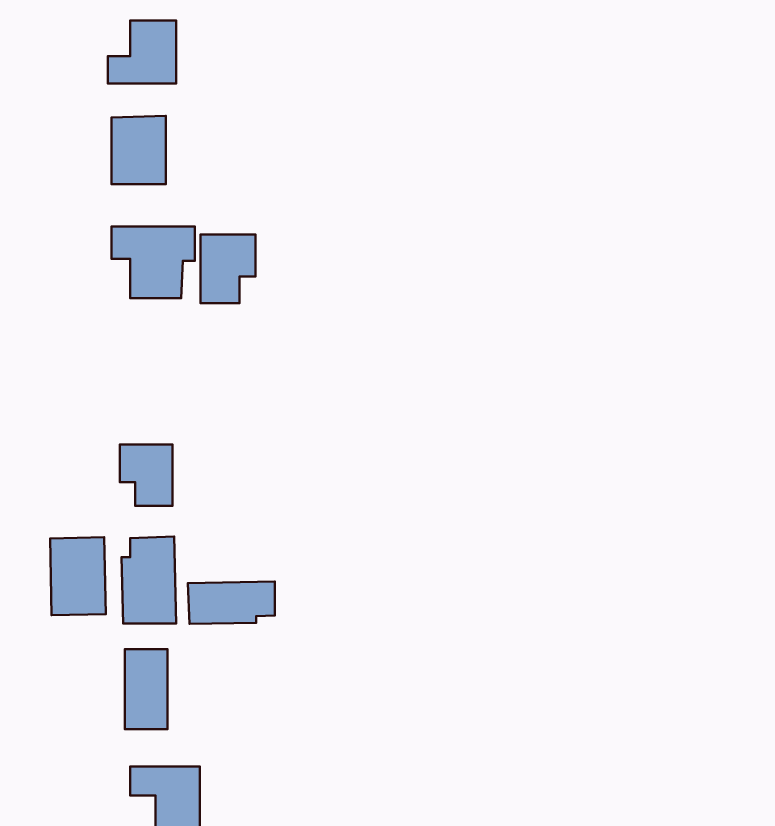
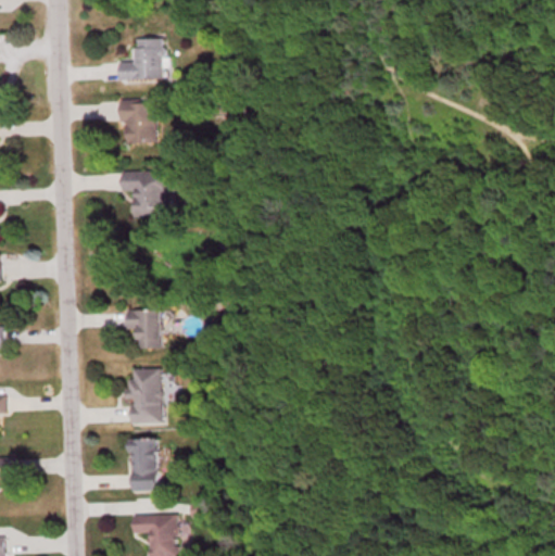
building: [200,235,256,303] -> none
building: [50,537,106,615] -> none
building: [188,582,275,624] -> none

